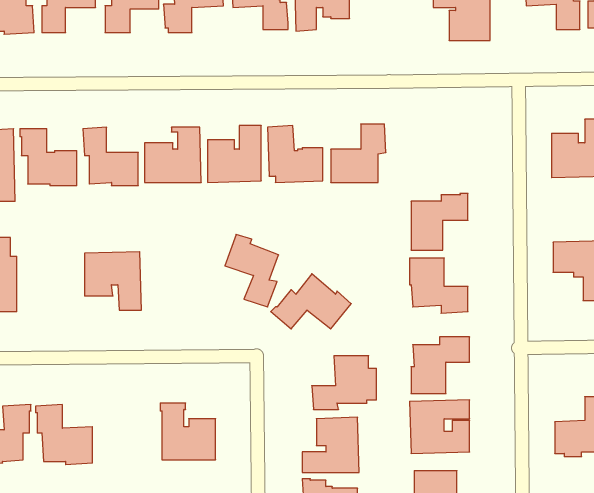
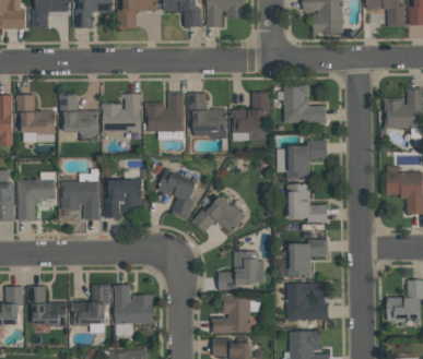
building: none -> [284,84,326,122]
building: none -> [104,178,142,218]
building: none -> [17,179,56,220]
building: none -> [71,285,110,326]

